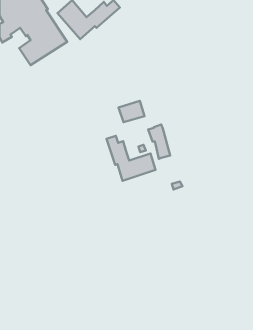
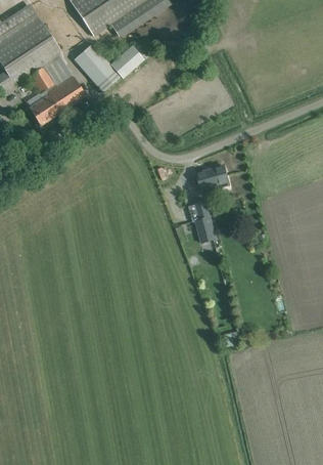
building: [119,101,145,122] -> [196,164,229,191]
building: [106,136,156,181] -> none

